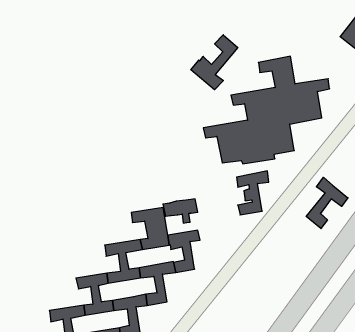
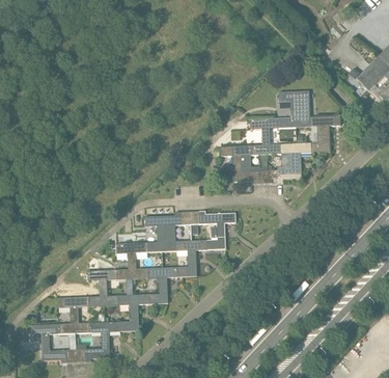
building: [191,35,238,90] -> none
building: [237,171,269,215] -> [203,212,234,249]
building: [306,177,348,229] -> none

